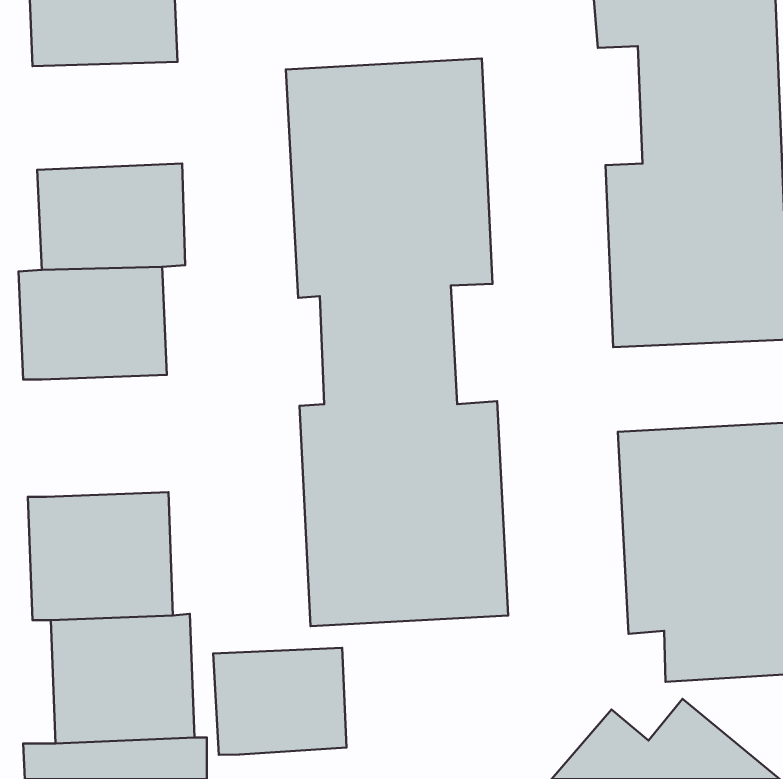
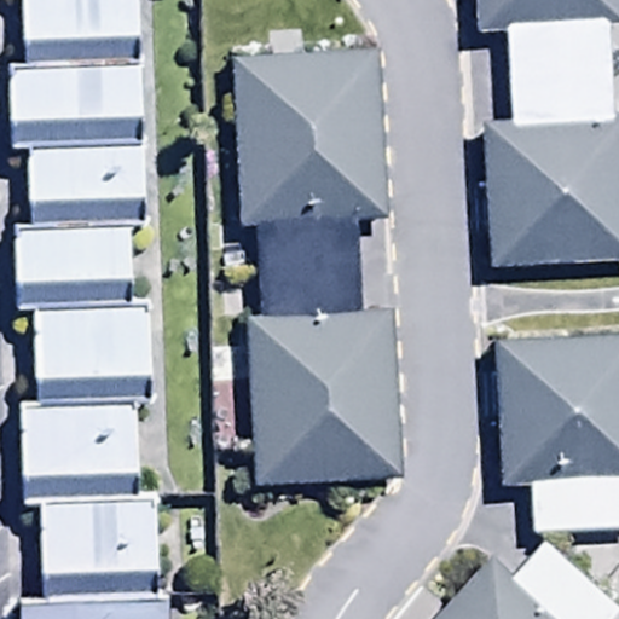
building: none -> [13,48,147,133]
building: none -> [37,293,152,389]
building: [213,648,346,755] -> none

